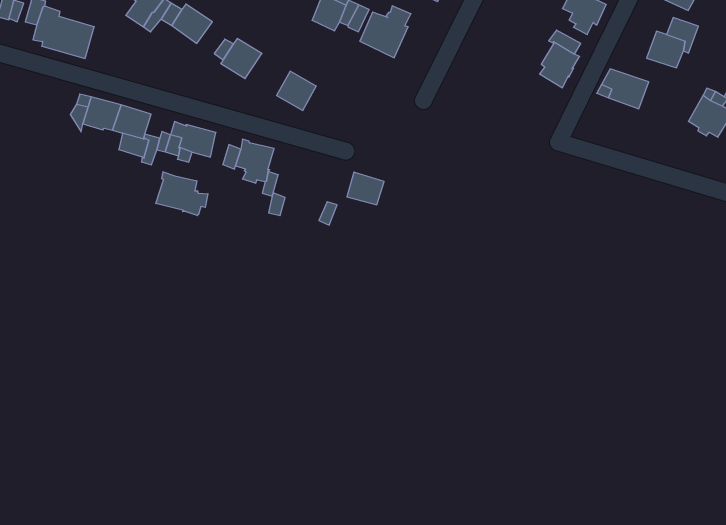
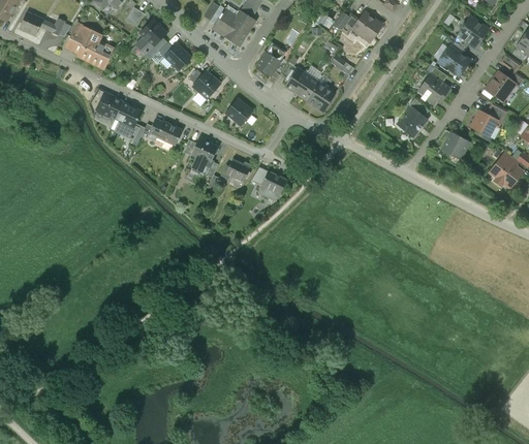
building: none -> [306,83,335,112]
building: none -> [221,160,250,183]
building: [156,172,208,216] -> none

